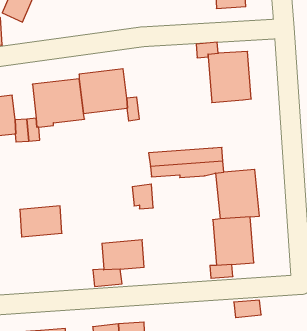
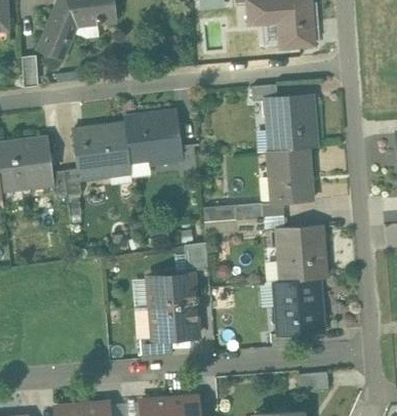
building: none -> [269,148,312,202]
building: [20,206,62,237] -> [148,274,195,308]

